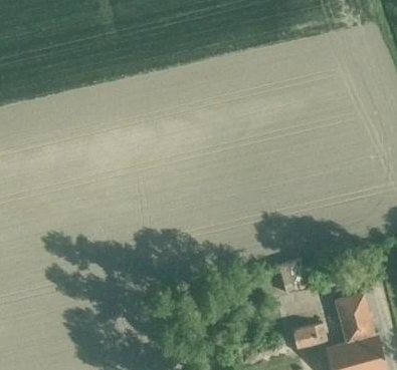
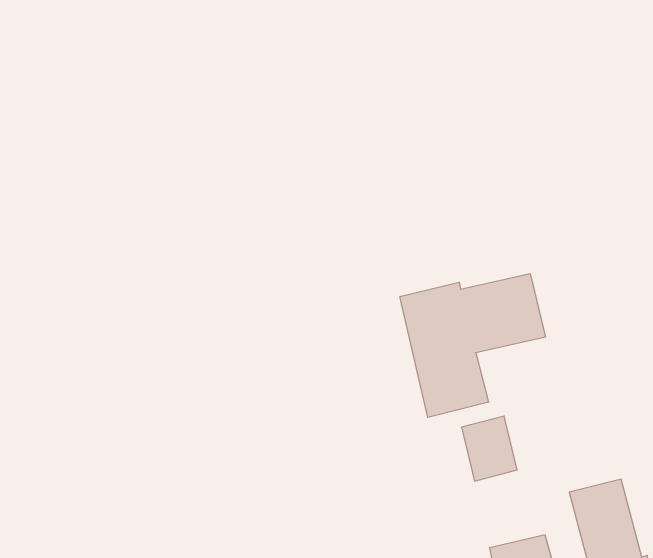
building: none -> [400,274,545,417]

